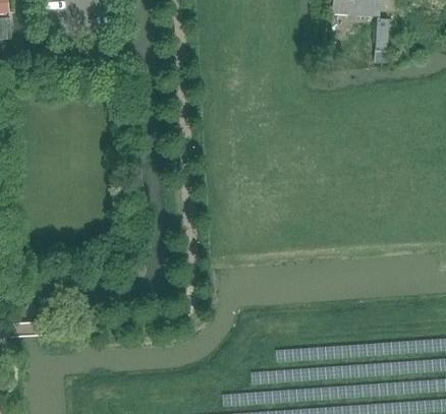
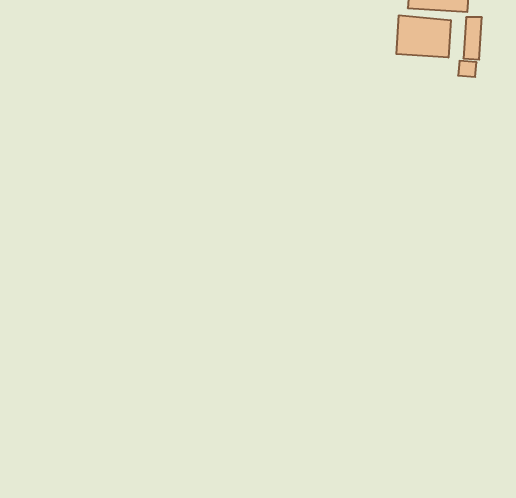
building: none -> [396,15,451,58]

